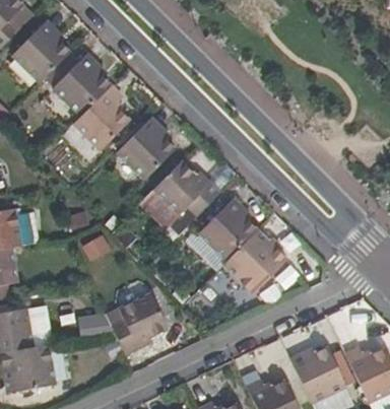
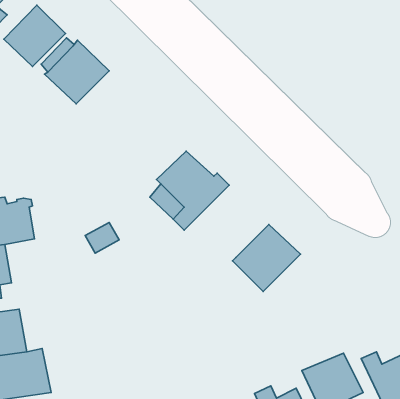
building: [70,86,128,151] -> none
building: [115,121,173,180] -> none
building: [197,201,255,259] -> none
building: [103,292,166,355] -> none

